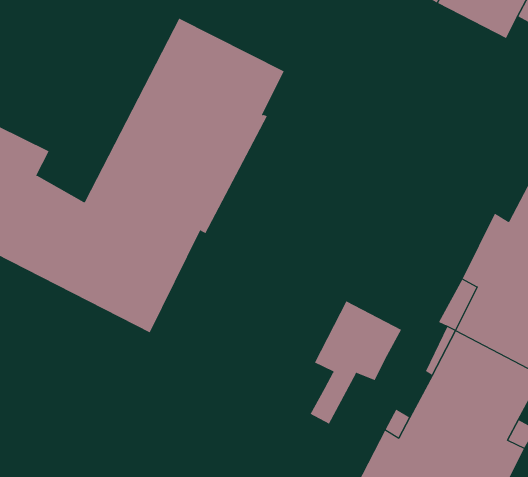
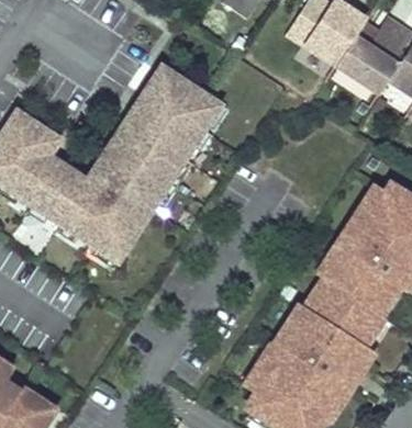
building: [310,300,402,425] -> none

